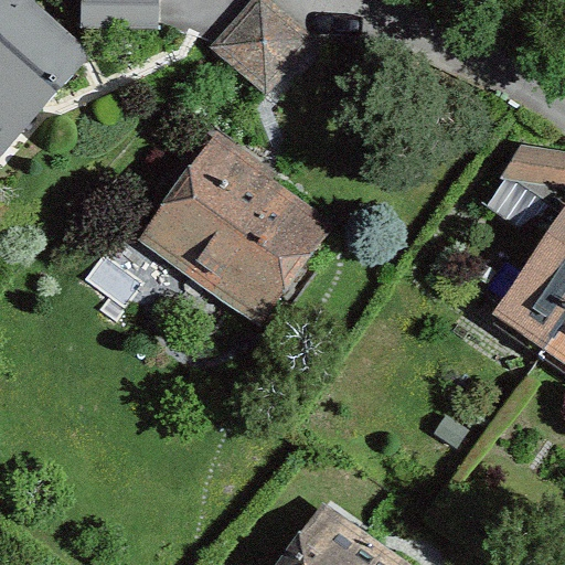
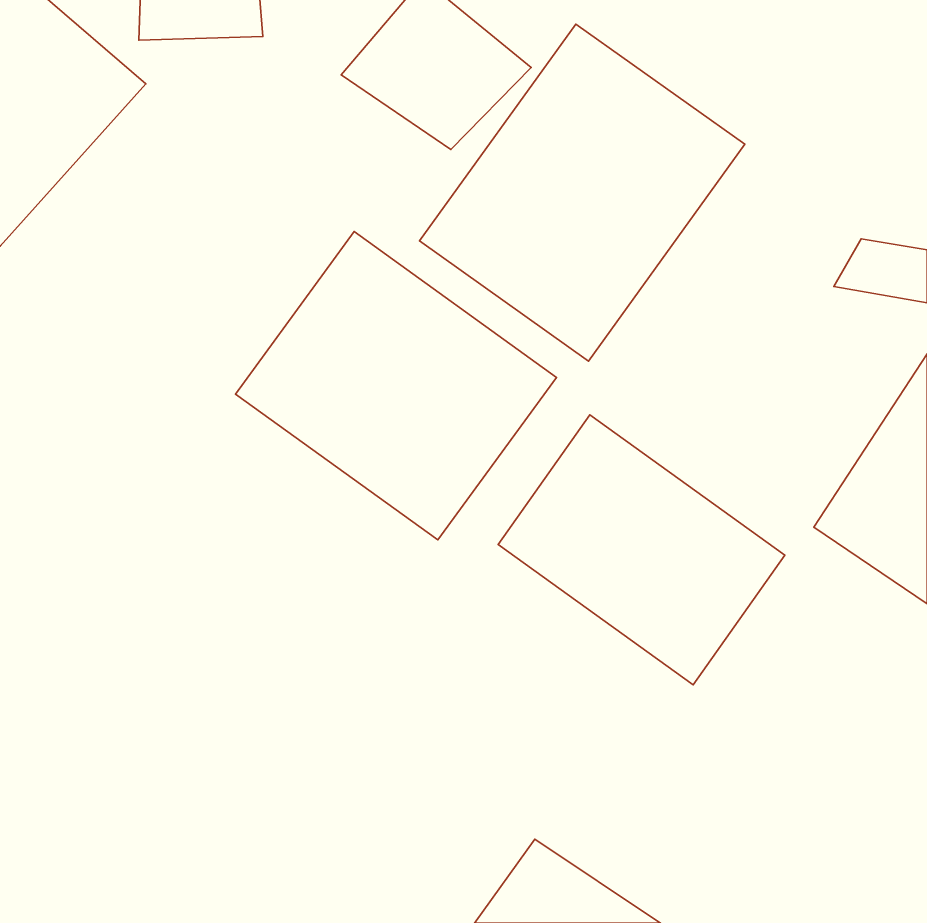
building: none -> [419,24,745,361]
building: none -> [498,415,785,685]

